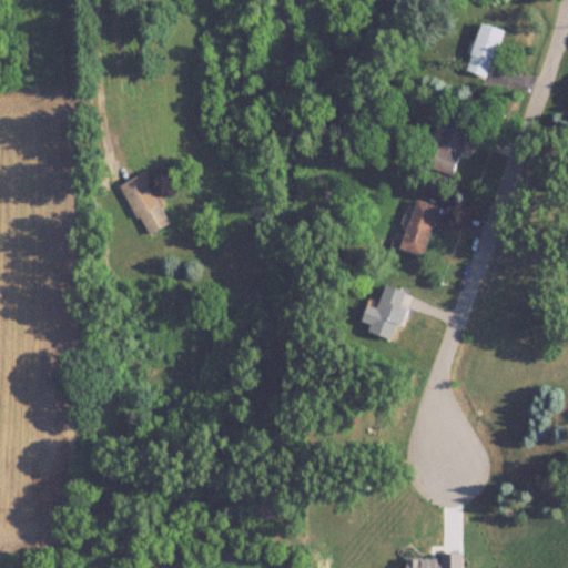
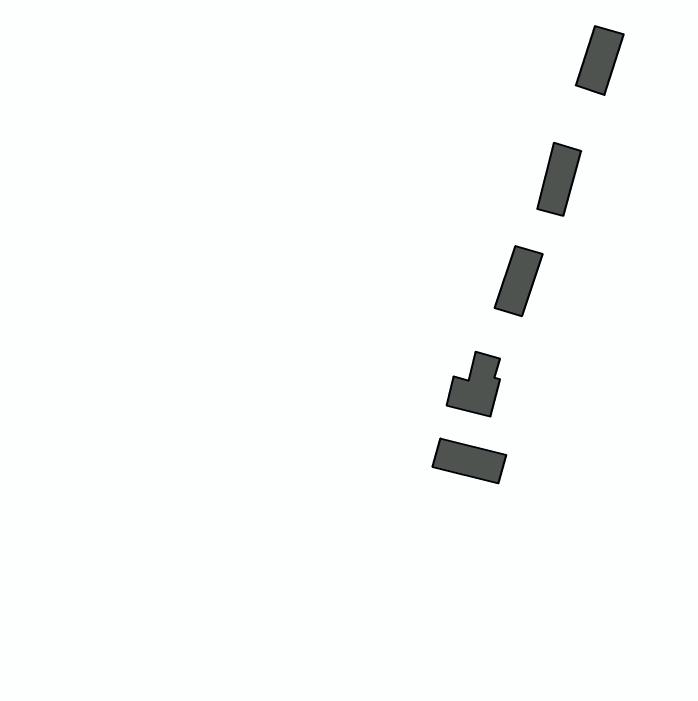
building: [122,172,169,235] -> none
building: none -> [433,438,506,483]

